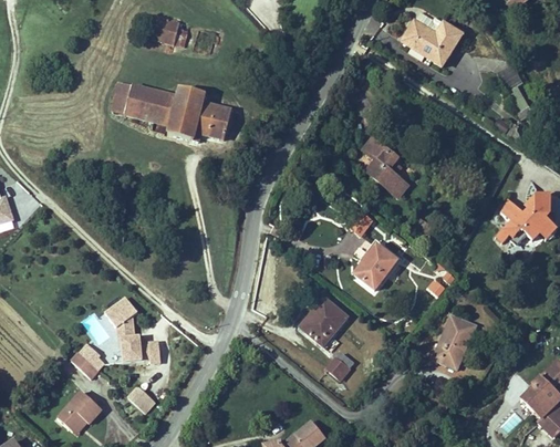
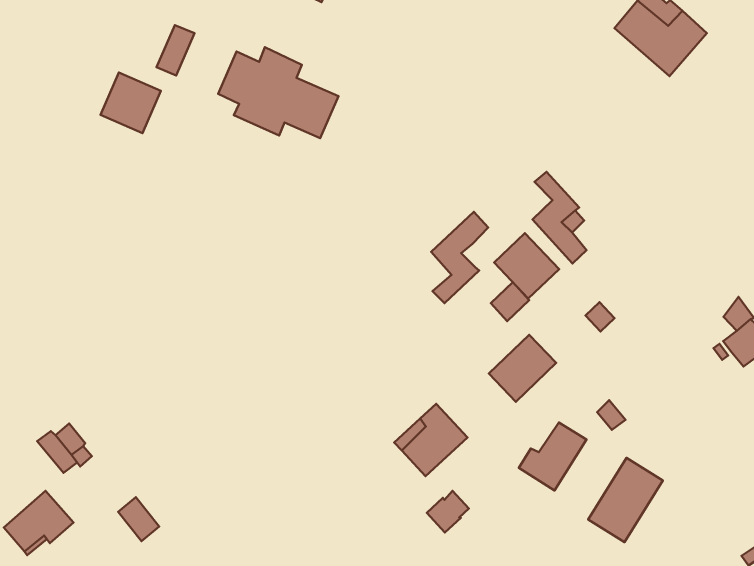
building: [125,83,162,119] -> [101,73,161,133]
building: none -> [431,212,488,303]
building: none -> [494,233,559,299]
building: [107,293,162,361] -> none
building: none -> [519,422,586,490]

